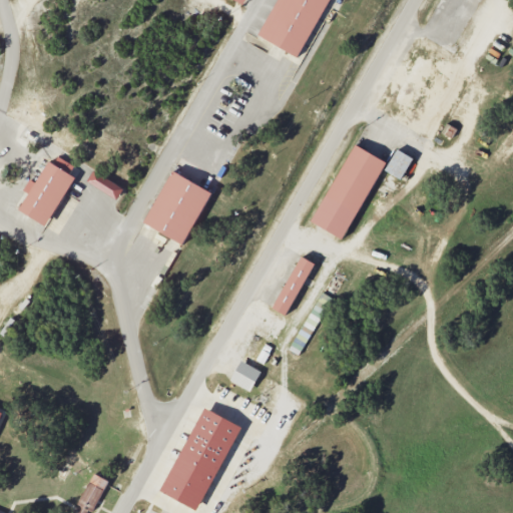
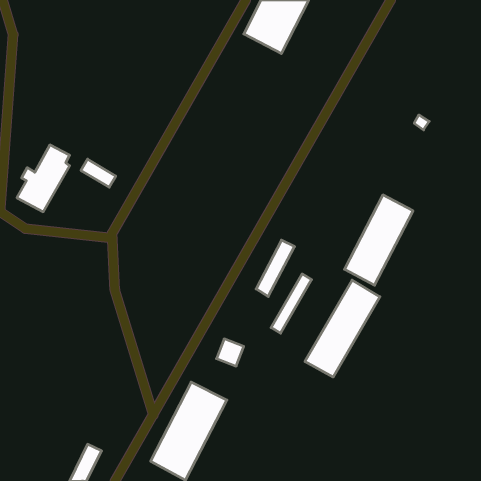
building: [312,143,385,239] -> [344,195,413,285]
building: [385,149,412,178] -> none
building: [143,170,211,244] -> none
building: none -> [305,280,380,377]

